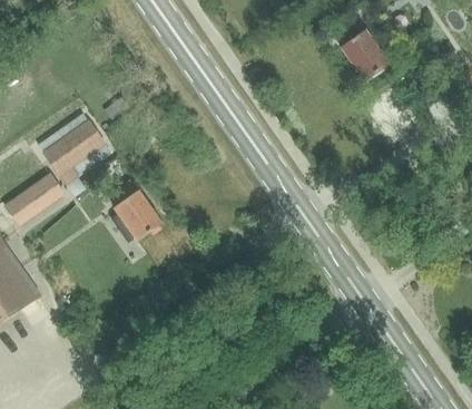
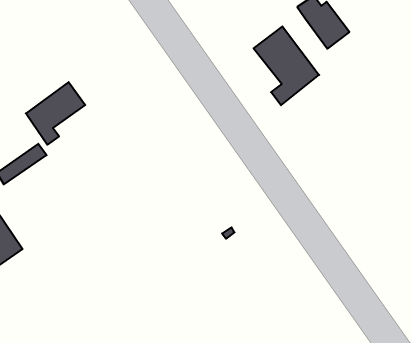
building: none -> [254,26,319,105]
building: [112,178,163,238] -> none

